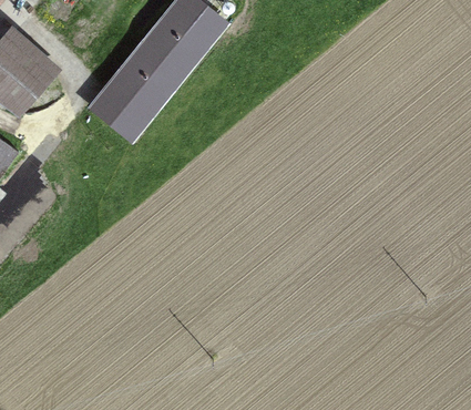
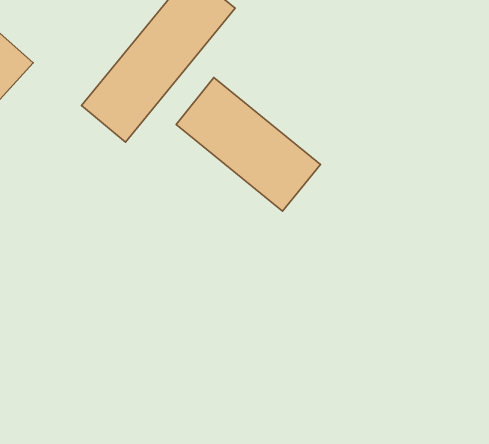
building: none -> [176,78,320,211]

